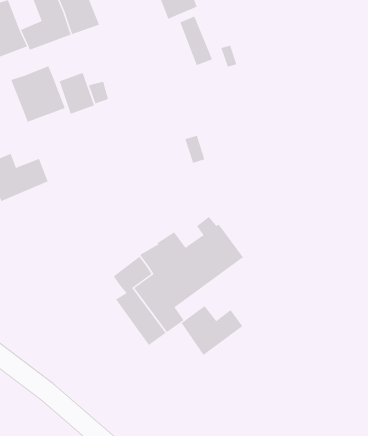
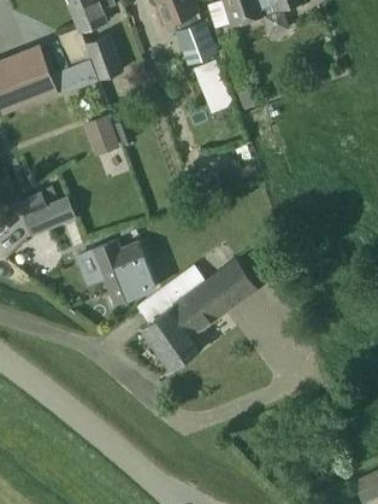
building: [10,65,66,123] -> none
building: none -> [93,239,154,304]
building: [181,305,243,356] -> none

